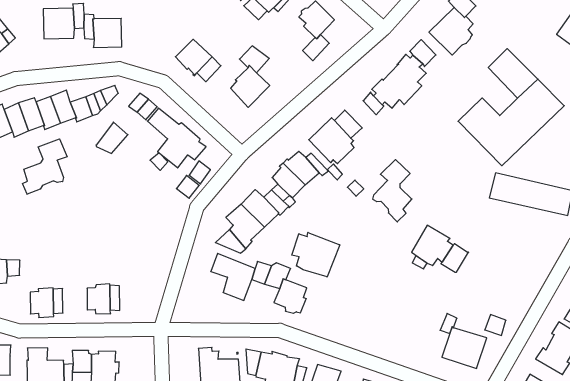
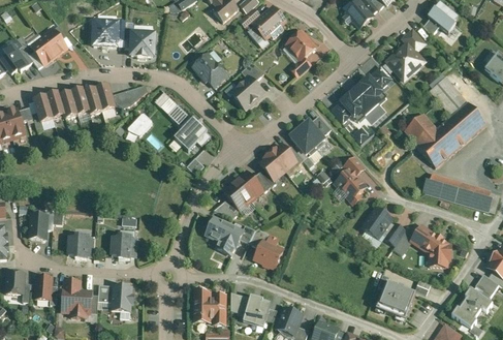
building: [23,139,67,194] -> none
building: [292,232,340,277] -> none
building: none -> [411,225,450,267]

